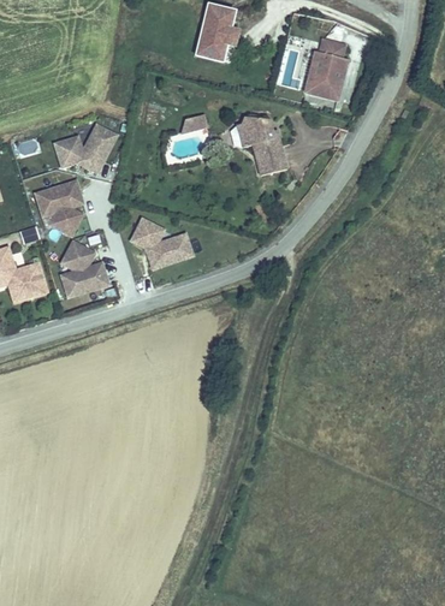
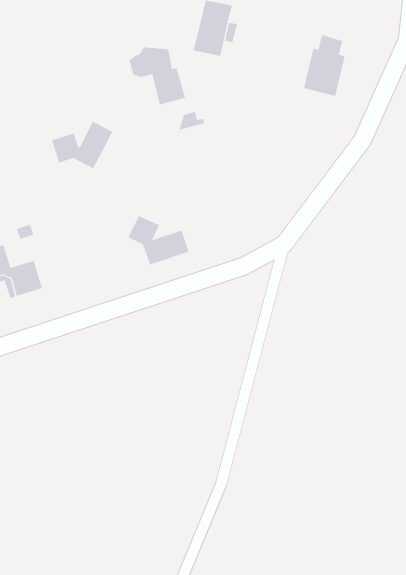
building: [230,117,286,174] -> [129,47,186,105]
building: [35,180,82,234] -> none
building: [61,240,108,296] -> none

